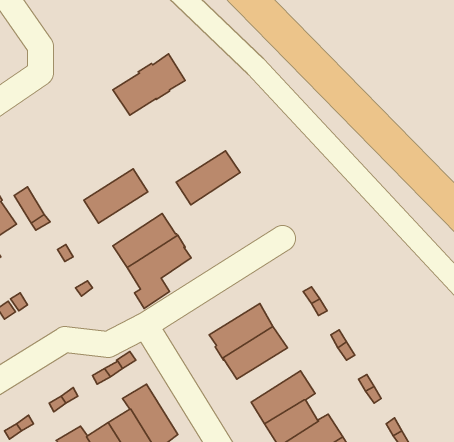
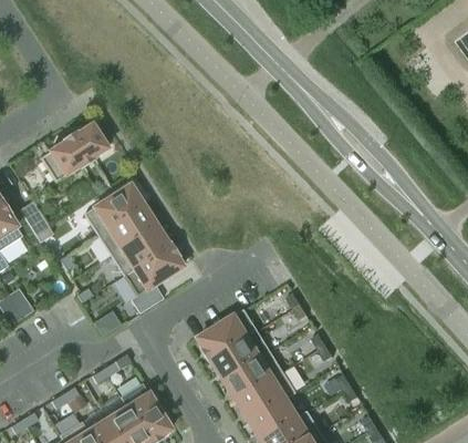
building: [113,54,185,115] -> [39,125,105,182]
building: [176,151,240,205] -> [96,206,155,256]
building: none -> [223,350,282,400]

